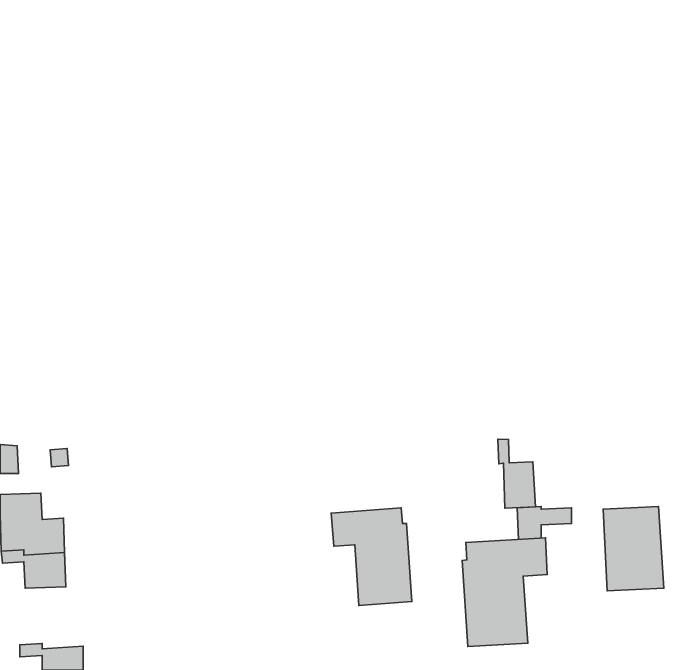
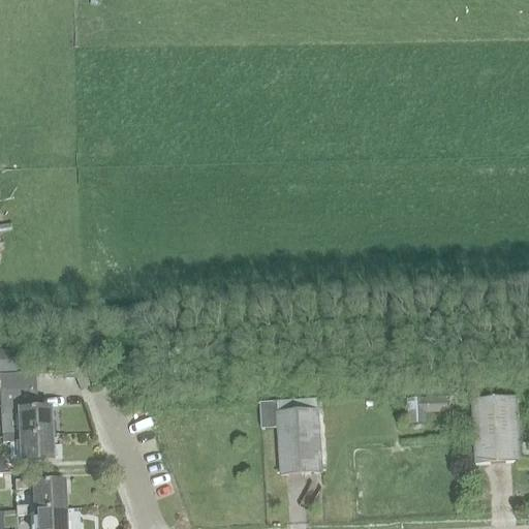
building: [498,439,535,508] -> none
building: [462,538,547,647] -> none
building: none -> [15,478,66,508]

